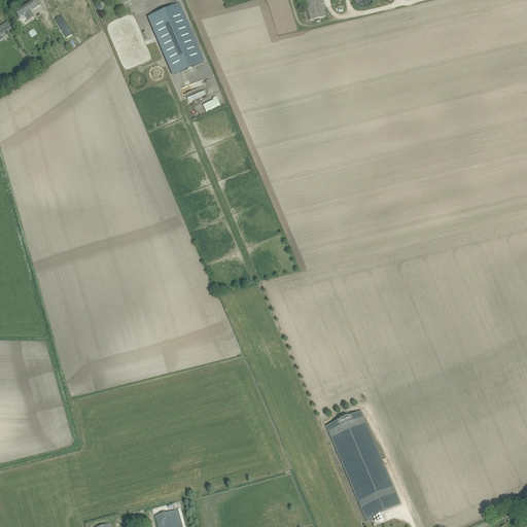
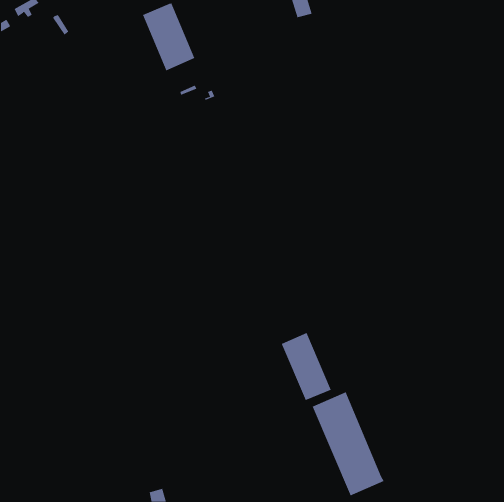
building: none -> [281,332,332,401]

